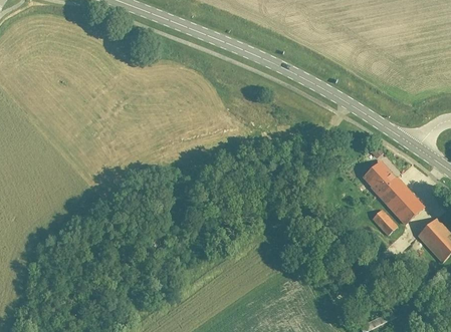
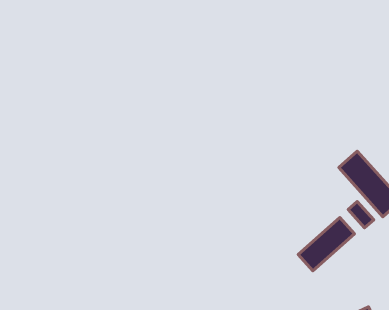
building: none -> [298,217,355,271]

